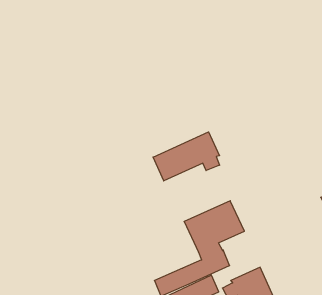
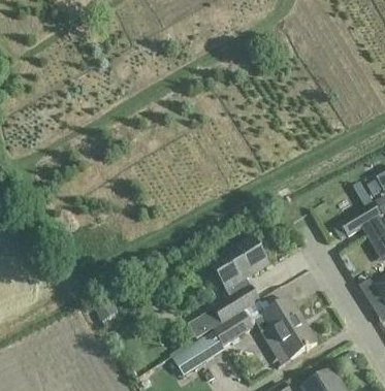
building: [153,132,220,181] -> none

